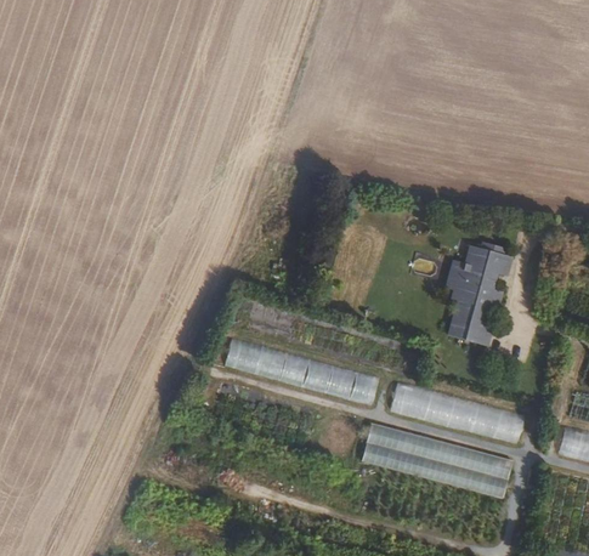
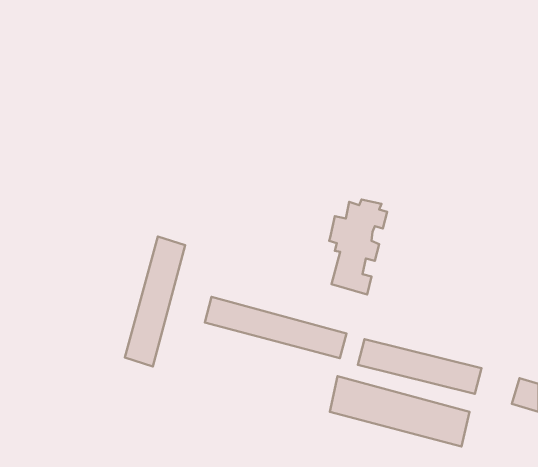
building: [446,244,509,347] -> [329,199,387,294]
building: none -> [125,237,185,367]

